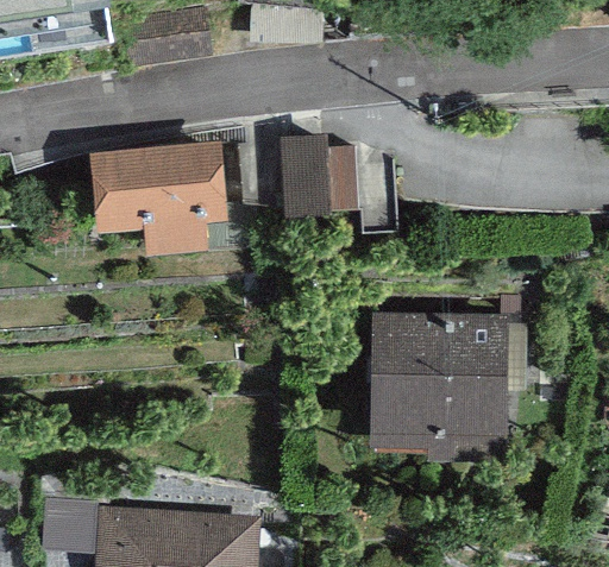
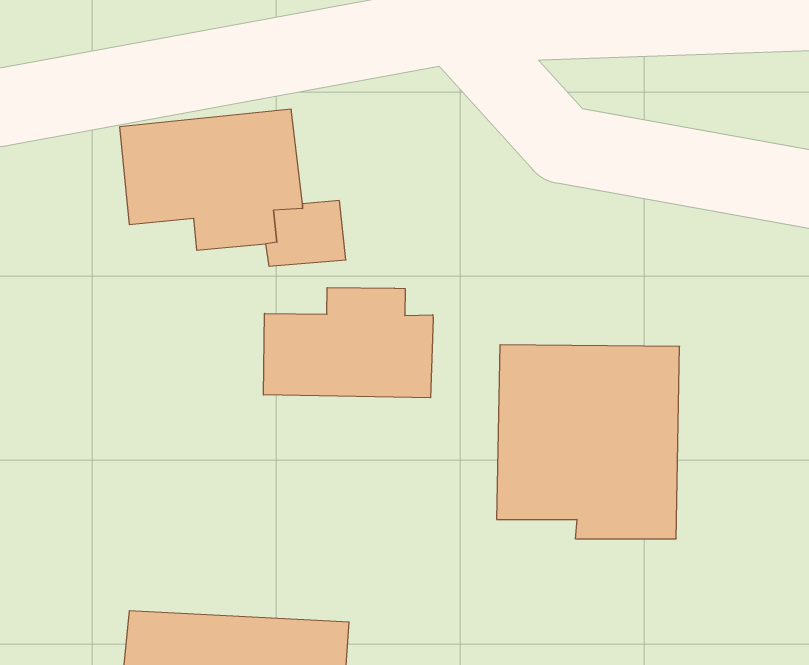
building: [294,132,366,204] -> none
building: none -> [264,288,433,398]

